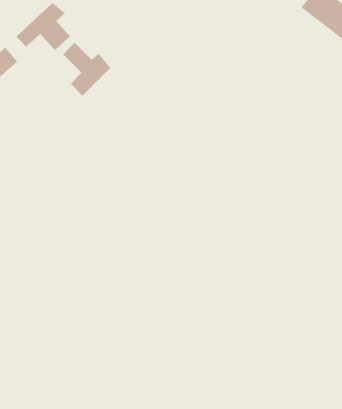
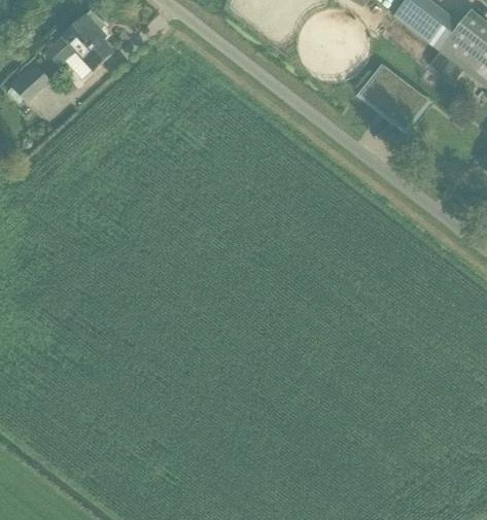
building: [63,42,112,96] -> none
building: none -> [364,71,425,116]

